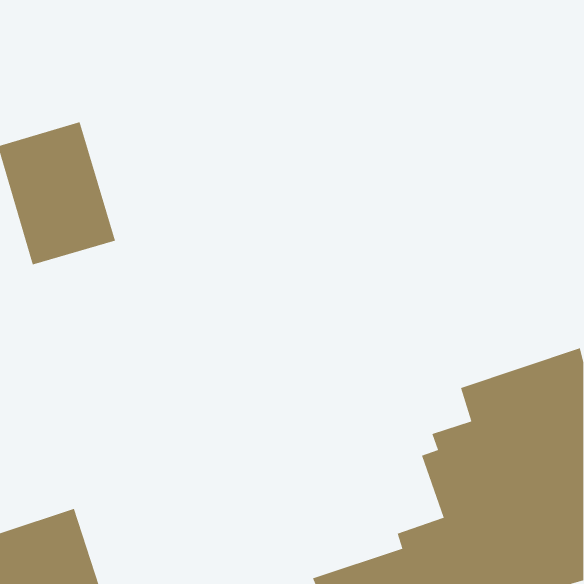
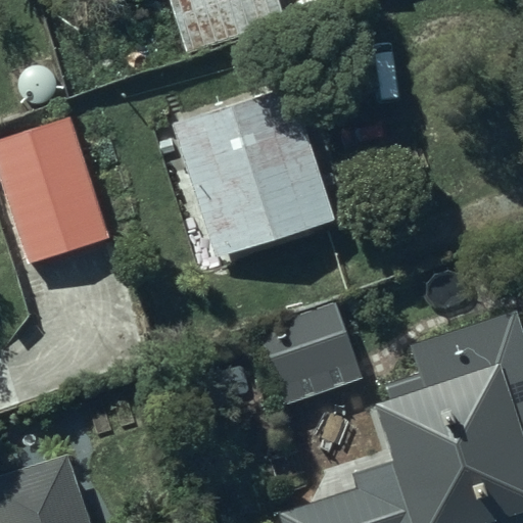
building: none -> [172,87,333,262]
building: none -> [254,303,365,410]

